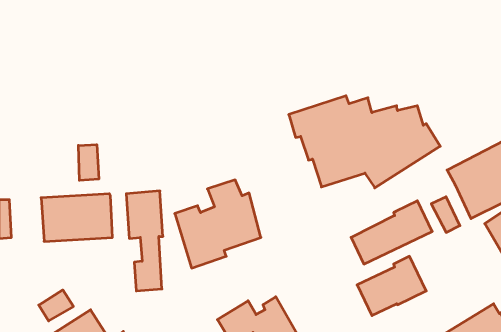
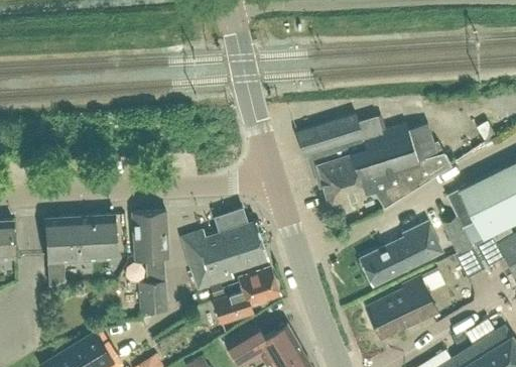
building: [78,145,99,180] -> none
building: none -> [214,268,279,325]
building: [39,290,73,321] -> none

